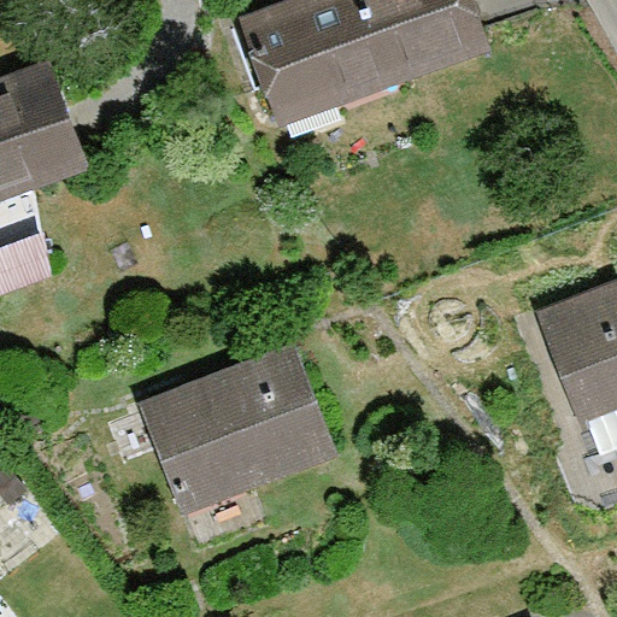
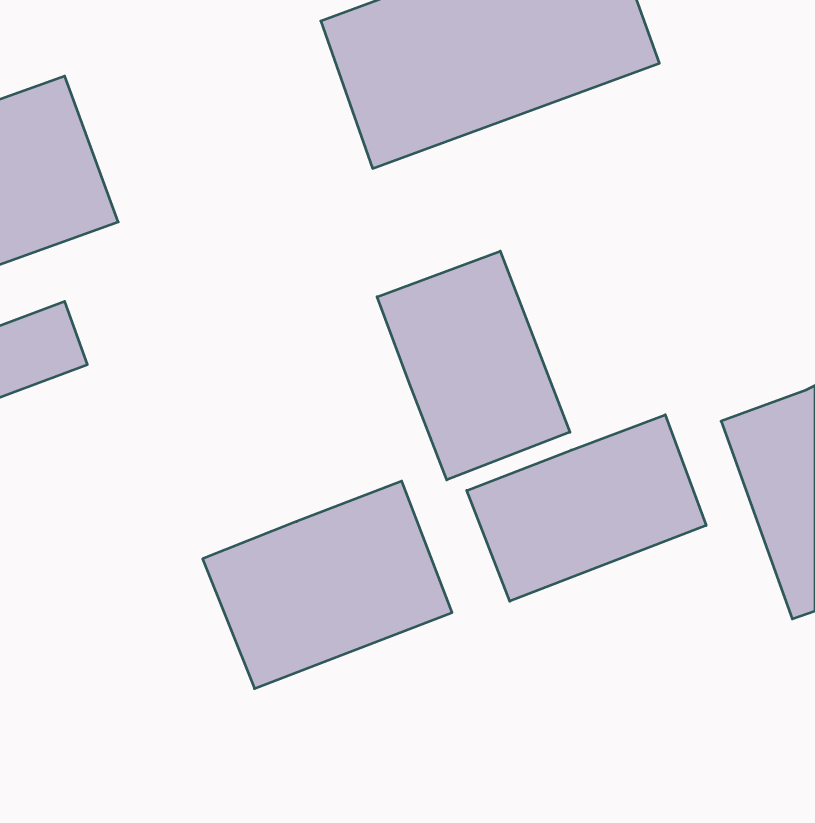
building: none -> [377,251,570,480]
building: none -> [467,415,706,601]

